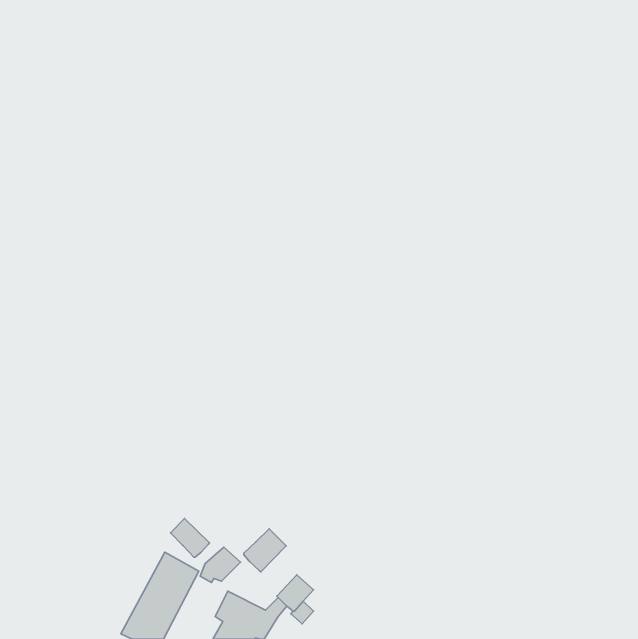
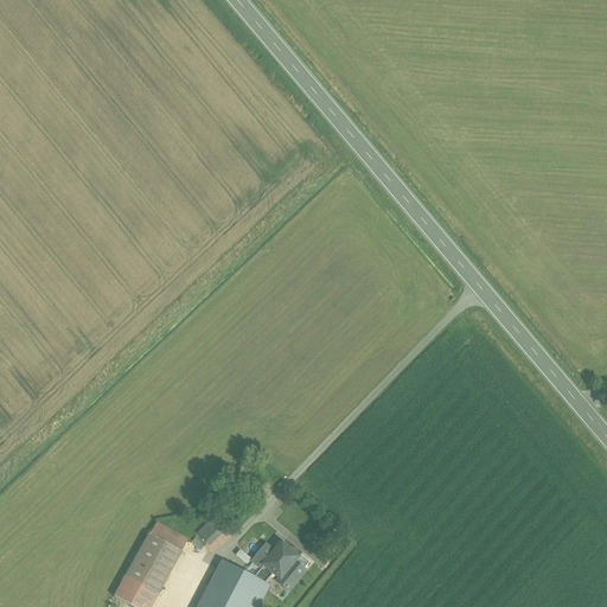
building: [170,518,209,557] -> none
building: [244,529,286,572] -> none

